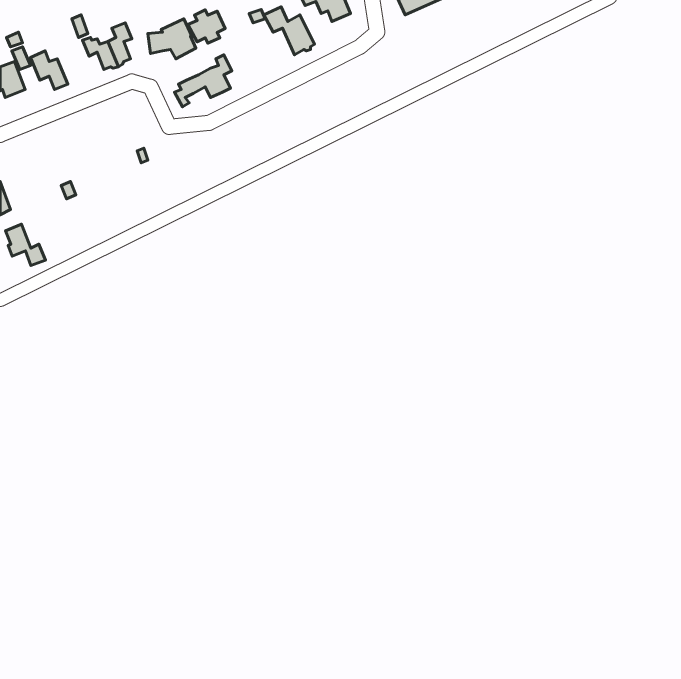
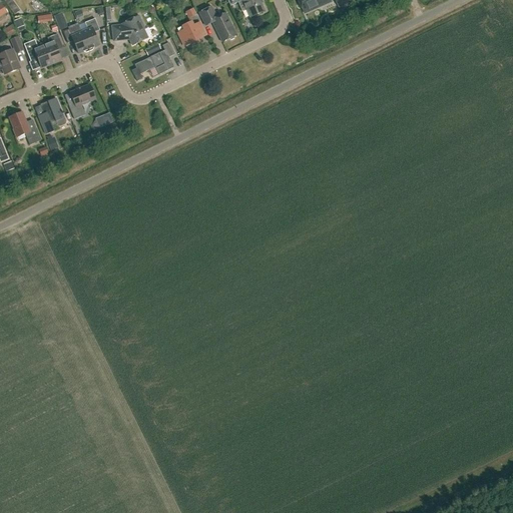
building: [188,10,225,43] -> [177,20,205,45]
building: none -> [43,32,63,63]
building: none -> [68,83,95,117]
building: none -> [38,96,65,133]
building: [6,224,46,265] -> [10,112,40,143]

